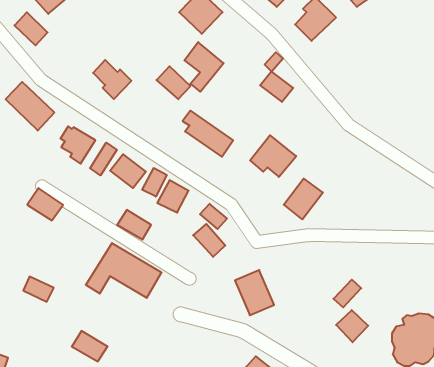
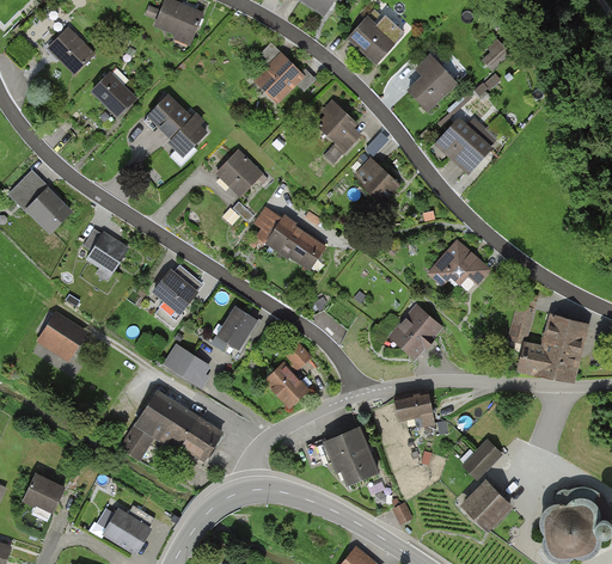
building: [14,12,48,45] -> [93,70,139,116]
building: [184,42,224,92] -> [312,98,366,166]
building: none -> [439,121,489,168]
building: [93,60,131,99] -> [157,103,209,157]
building: [250,135,296,177] -> [430,238,494,295]
building: [90,143,117,175] -> none
building: [142,168,167,197] -> none
building: none -> [509,302,590,380]
building: none -> [393,393,439,430]
building: [23,277,54,302] -> [23,476,65,510]

